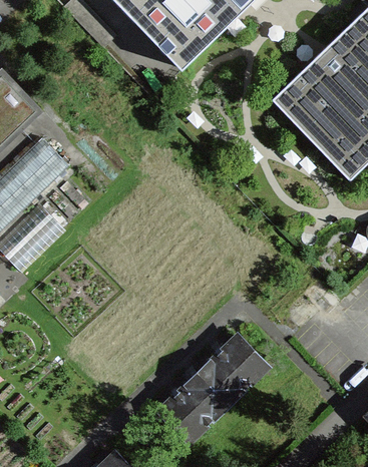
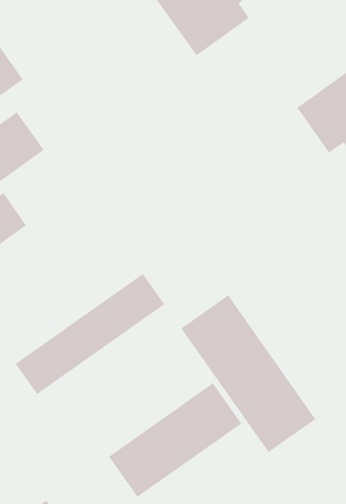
building: none -> [15,273,165,395]
building: none -> [181,295,316,453]

